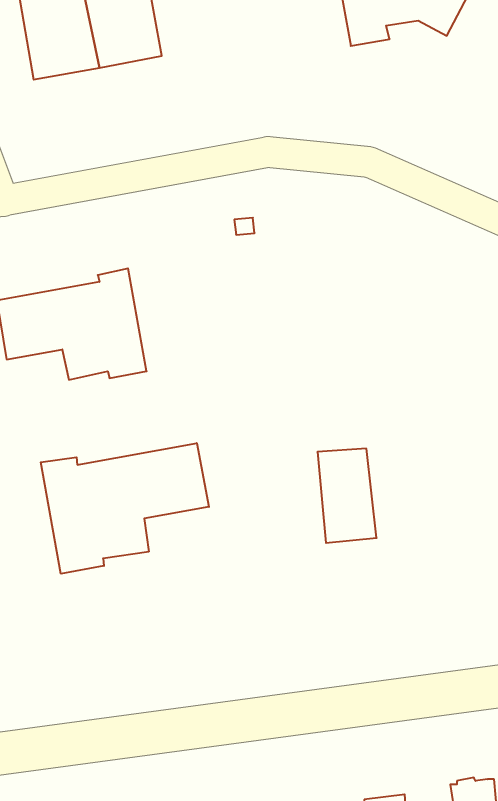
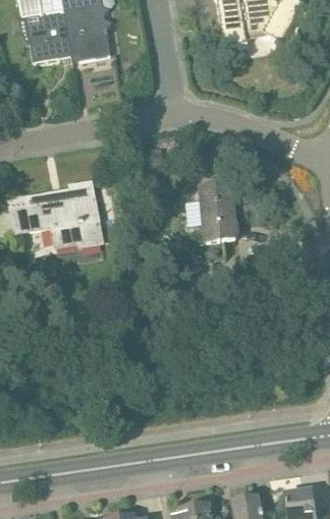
building: [41,443,209,574] -> none
building: [317,449,377,543] -> [201,181,236,238]

